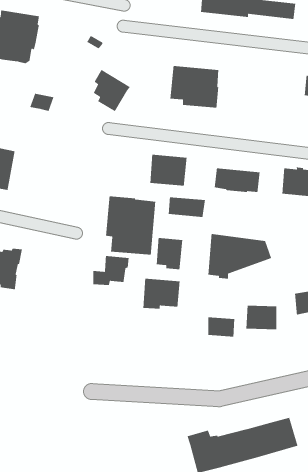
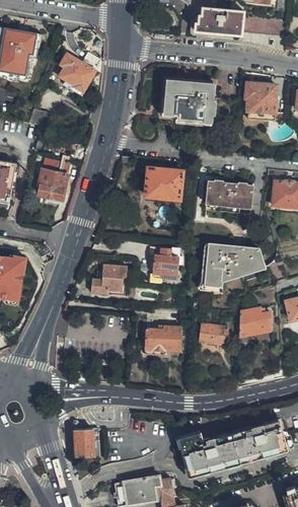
building: none -> [244,83,274,119]
building: [93,69,131,112] -> [59,53,95,94]
building: none -> [36,159,69,205]
building: [105,195,156,256] -> none
building: [168,196,206,218] -> none
building: [142,278,180,309] -> [143,325,179,356]
building: none -> [73,427,99,457]

